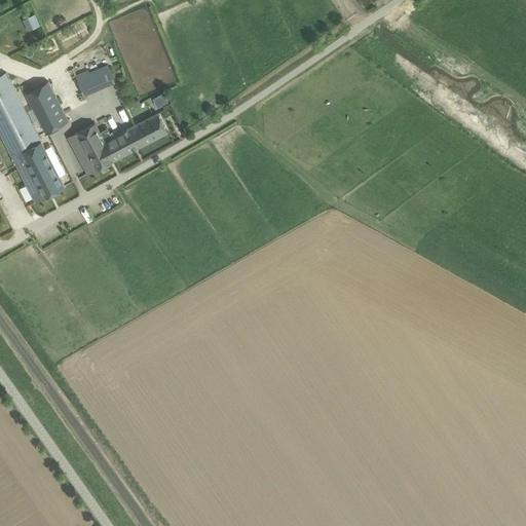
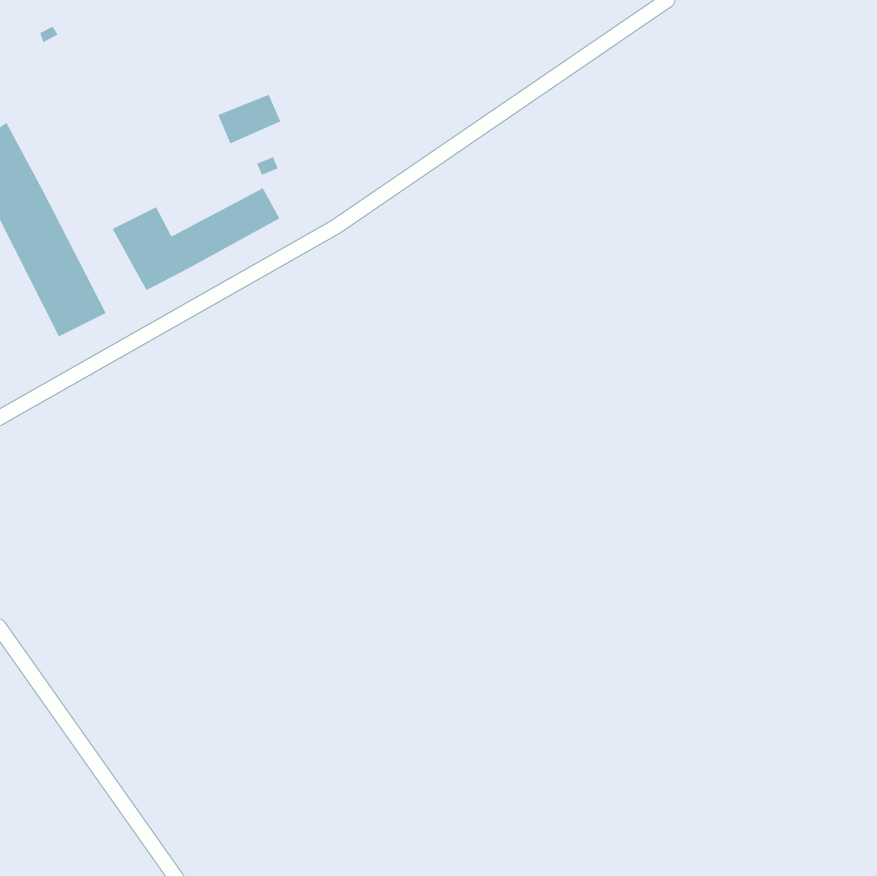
building: [76,67,114,97] -> [218,94,281,144]
building: [25,83,68,134] -> none

